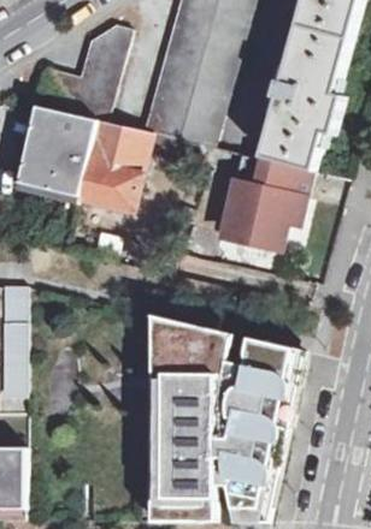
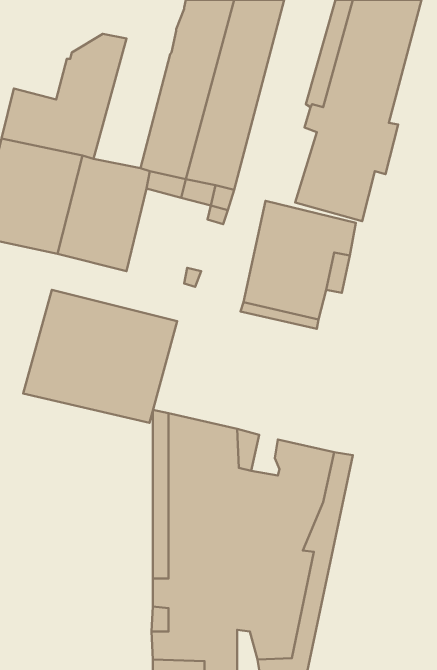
building: none -> [23,290,177,423]

